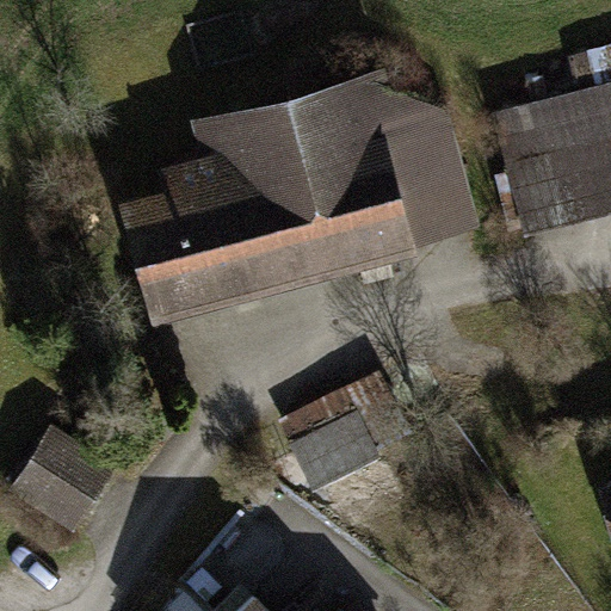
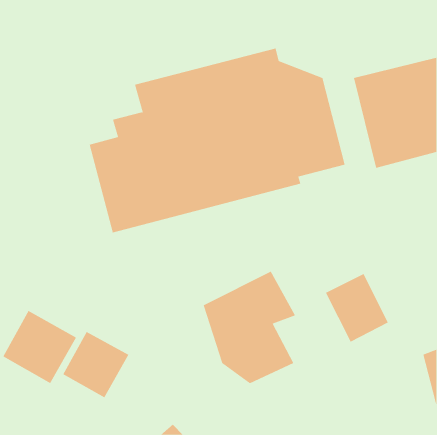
building: none -> [325,273,389,342]
building: none -> [63,331,129,398]

